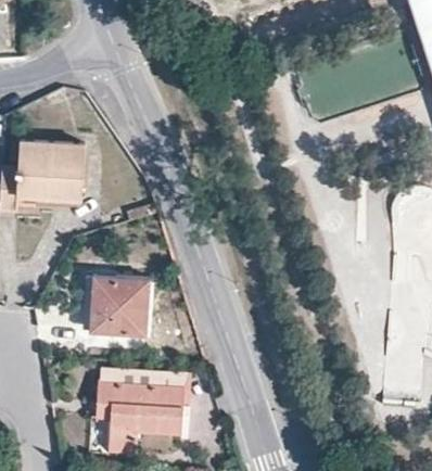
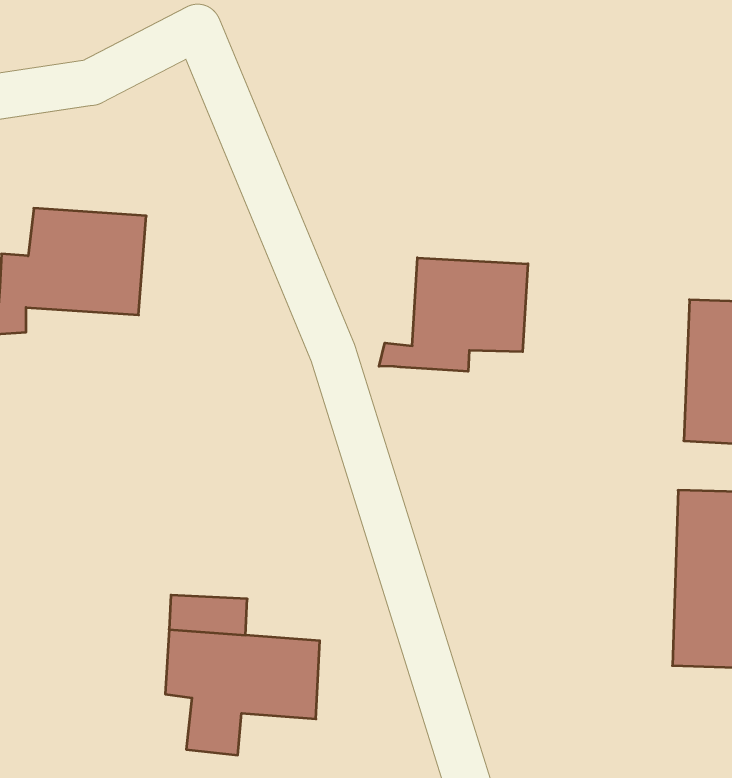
building: none -> [379,258,528,371]
building: [91,278,148,336] -> none

